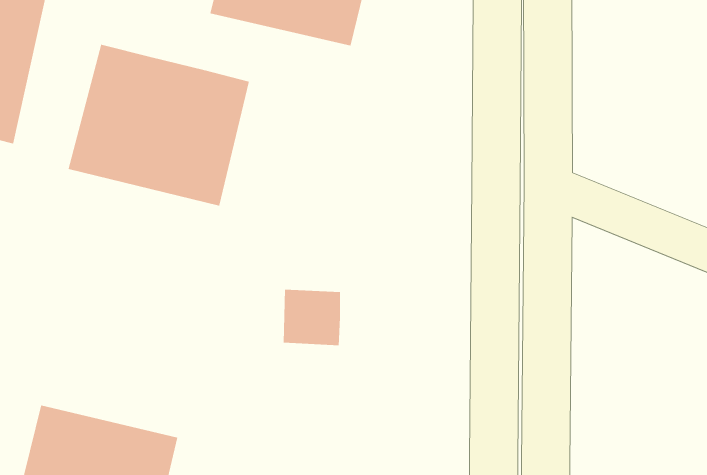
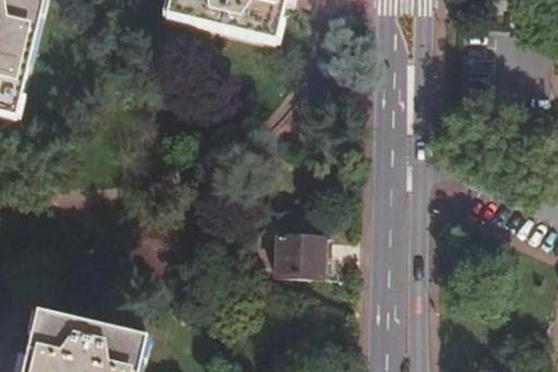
building: [68,44,249,207] -> none
building: [283,289,341,346] -> [276,235,320,278]

